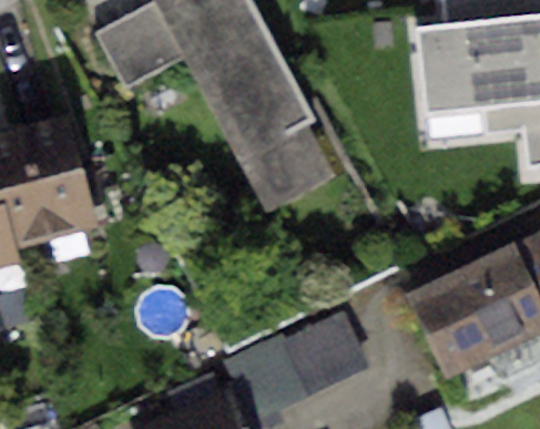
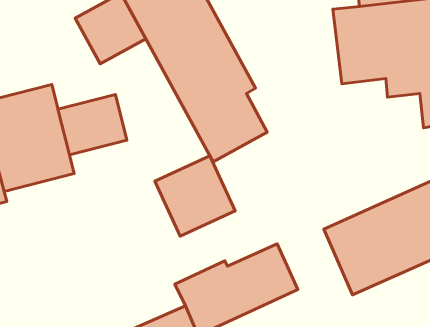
building: none -> [58,95,127,155]
building: none -> [155,156,235,236]

